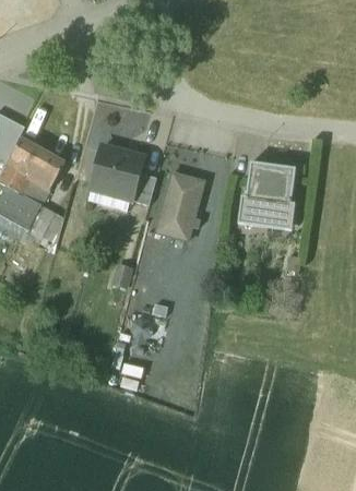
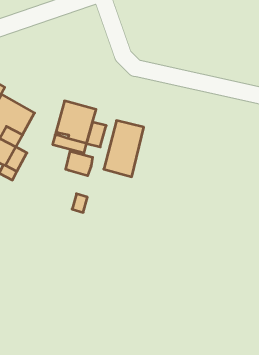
building: [244,160,296,224] -> none
building: none -> [66,151,93,176]

